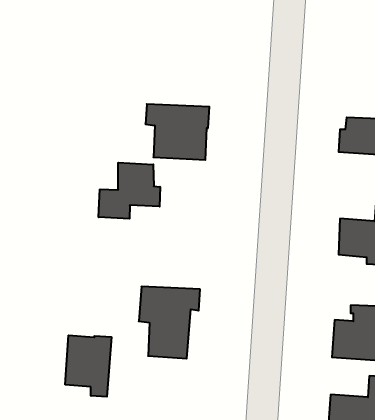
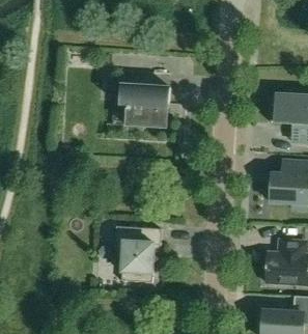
building: [99,163,160,219] -> none
building: [65,335,111,397] -> none

